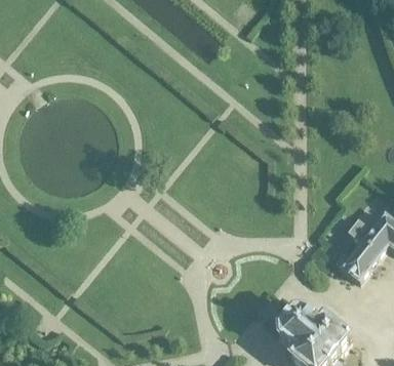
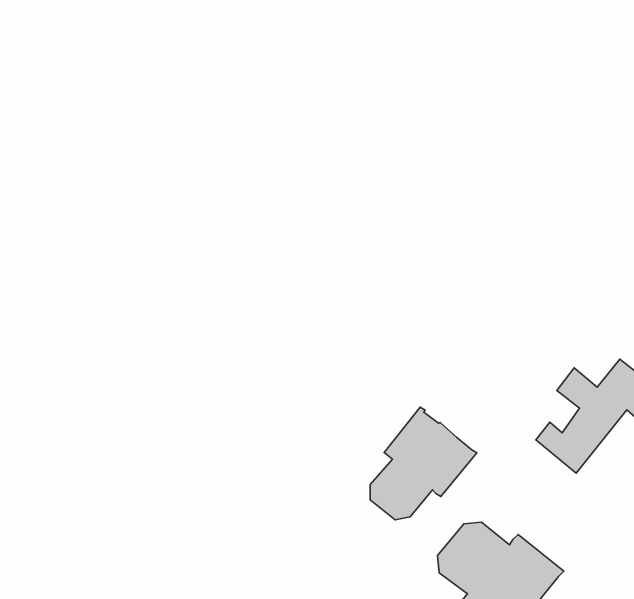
building: none -> [370,407,477,520]

